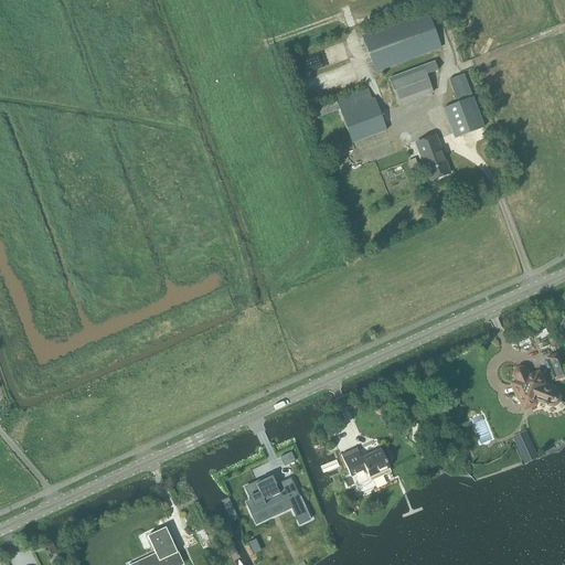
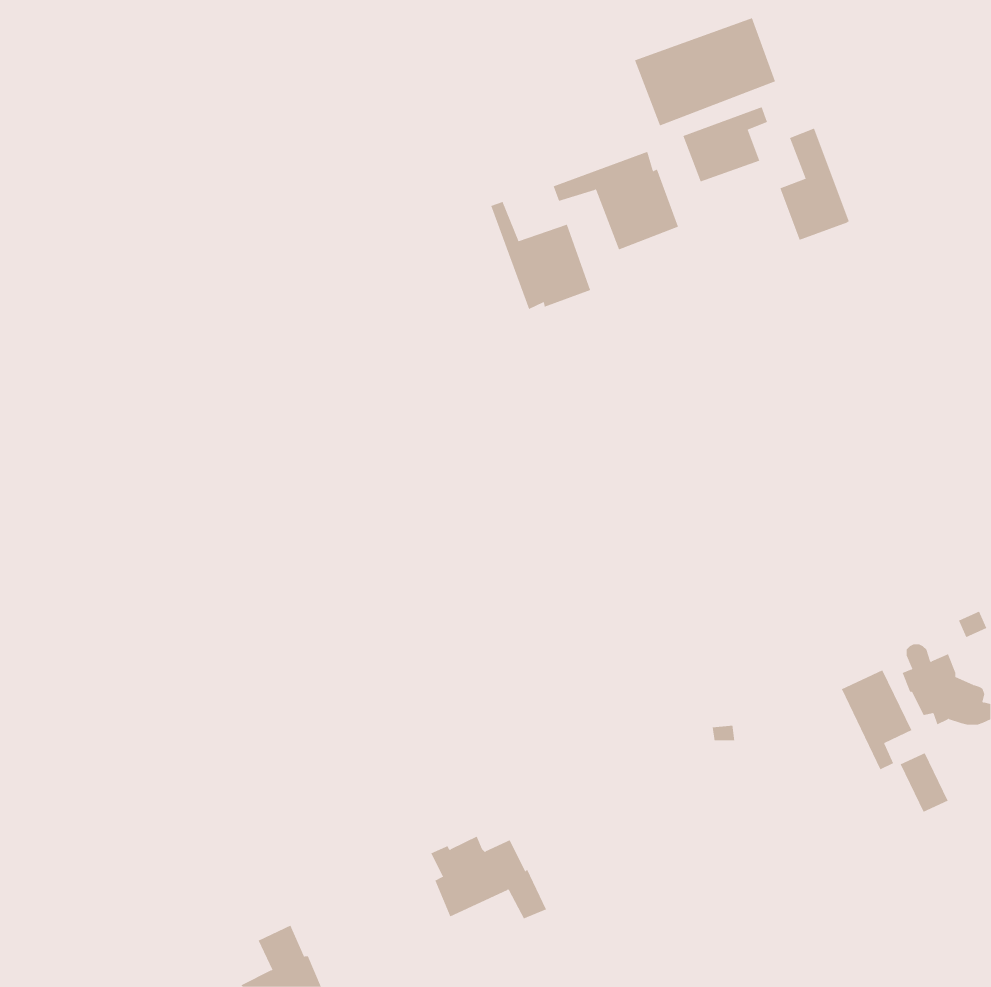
building: none -> [491,201,591,310]
building: [416,135,449,180] -> none
building: none -> [841,670,912,770]
building: [341,447,391,487] -> none

